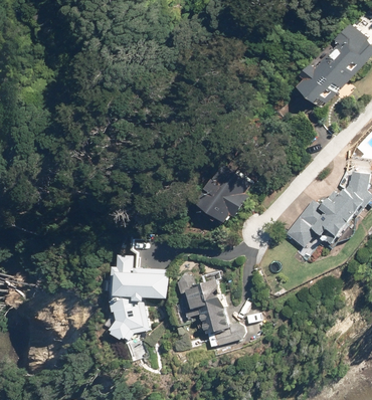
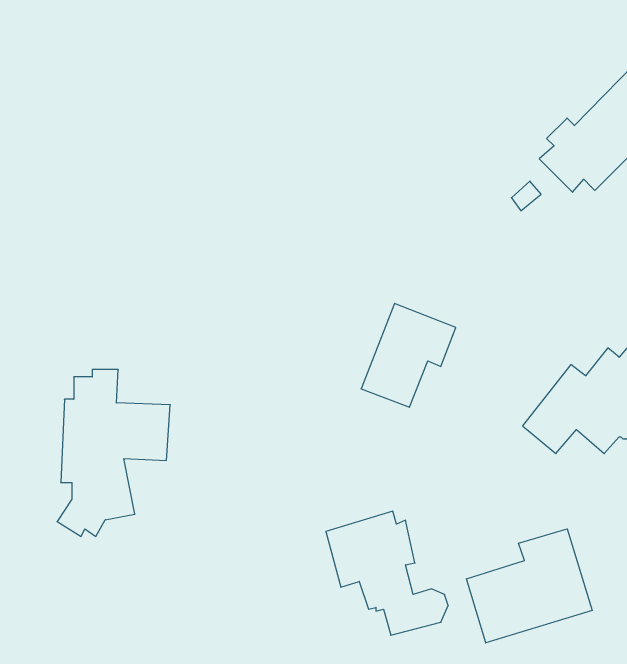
building: [107,249,168,340] -> [57,370,170,536]
building: none -> [467,529,592,643]

